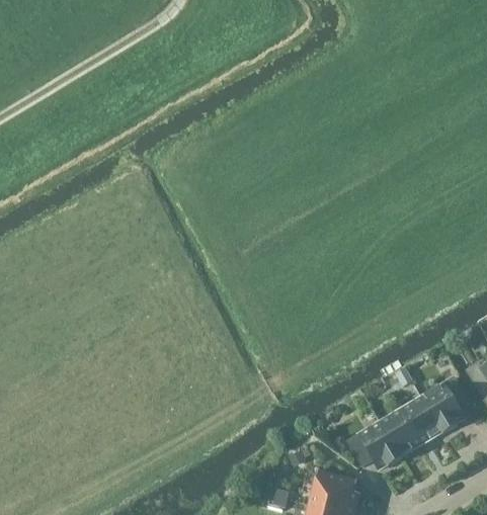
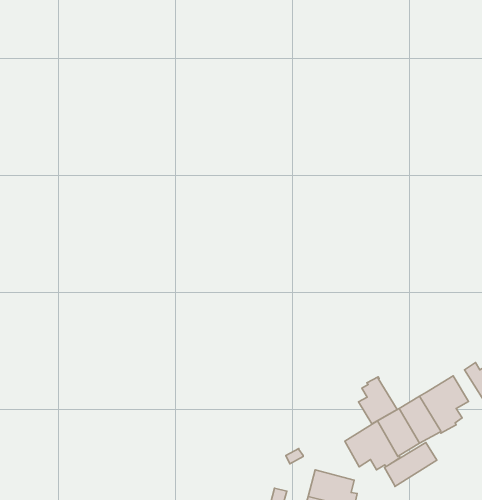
building: none -> [358,377,397,424]
building: none -> [384,442,437,486]

